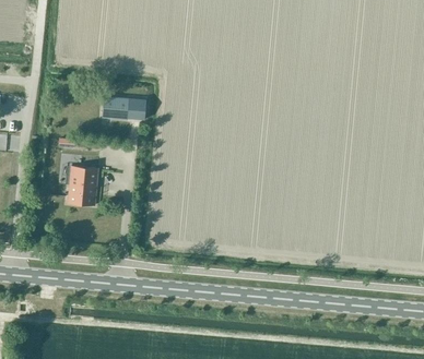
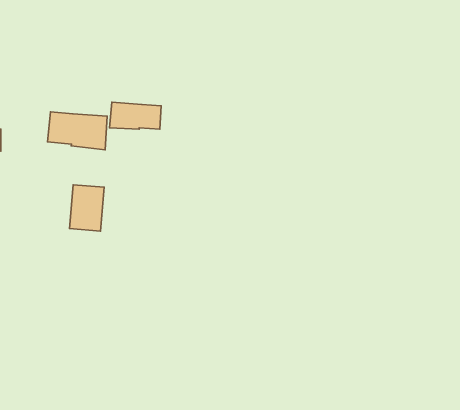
building: none -> [47,112,107,150]

